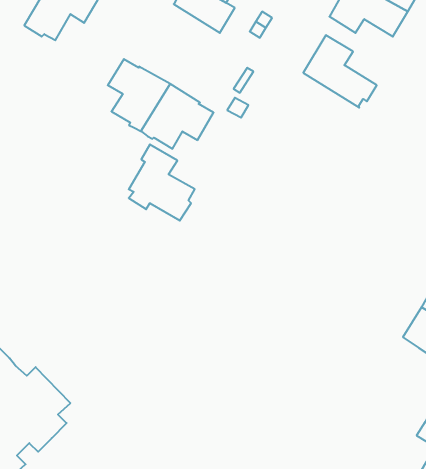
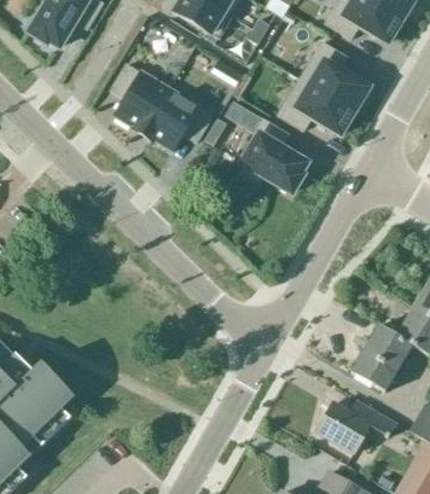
building: none -> [278,77,354,134]
building: [129,144,195,221] -> [242,118,306,192]
building: none -> [351,324,412,391]
building: none -> [315,403,394,452]

